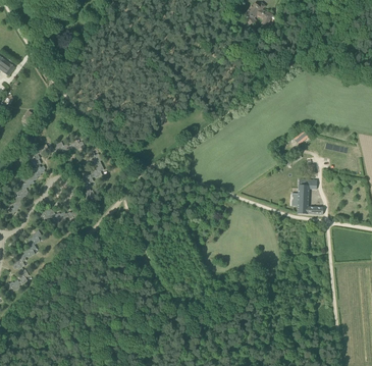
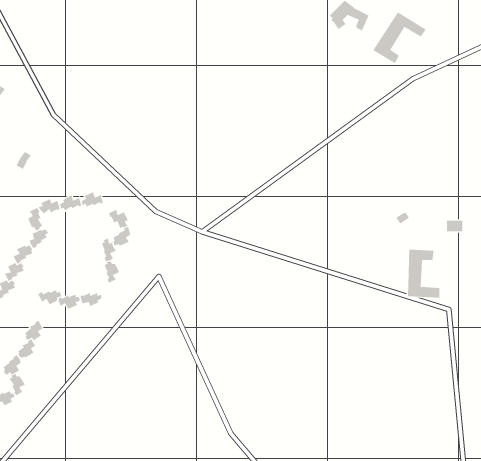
building: none -> [373,11,426,64]

